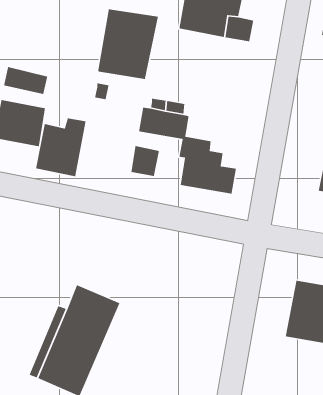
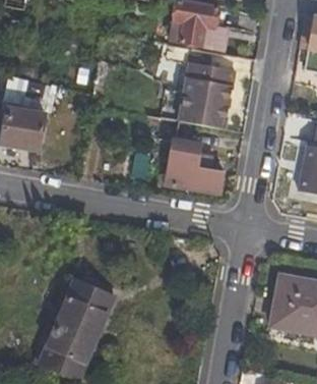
building: [97,9,159,80] -> [179,62,236,128]
building: [35,117,87,177] -> none

